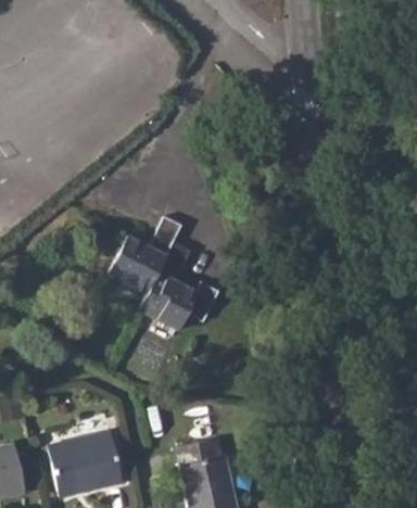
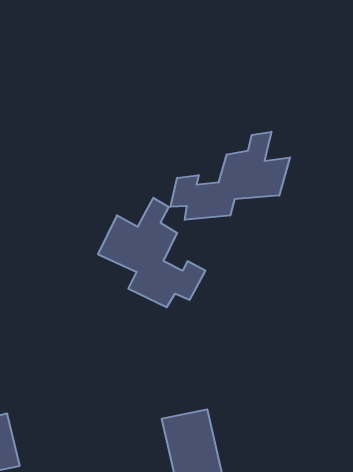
building: none -> [170,132,290,220]
building: [48,432,124,496] -> none

